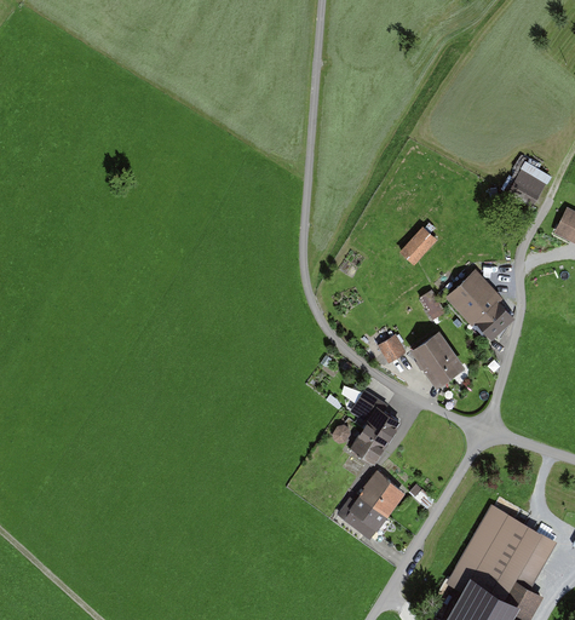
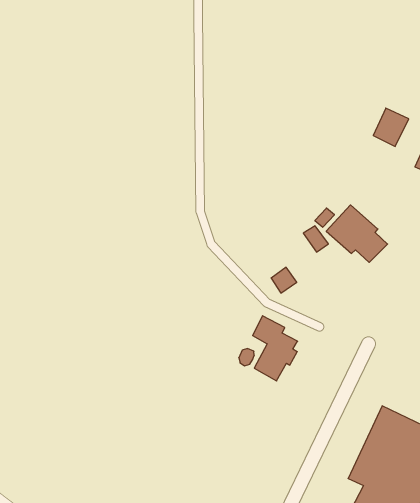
building: [398,223,436,265] -> none
building: [410,331,465,389] -> none
building: [337,470,407,539] -> none

